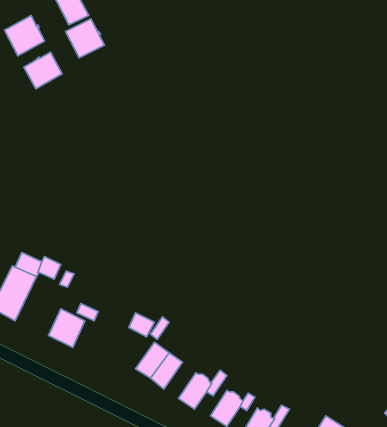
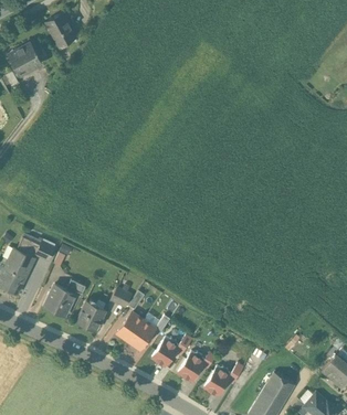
building: [66,19,105,58] -> none
building: [24,52,62,89] -> none
building: none -> [76,300,106,330]

